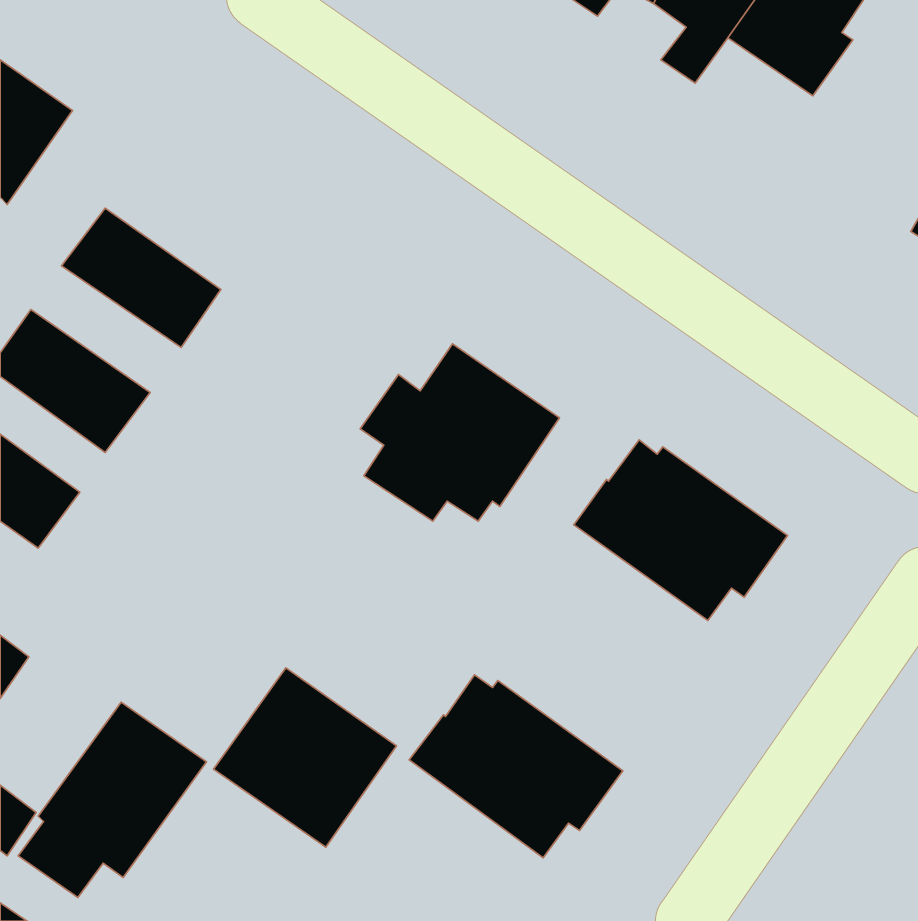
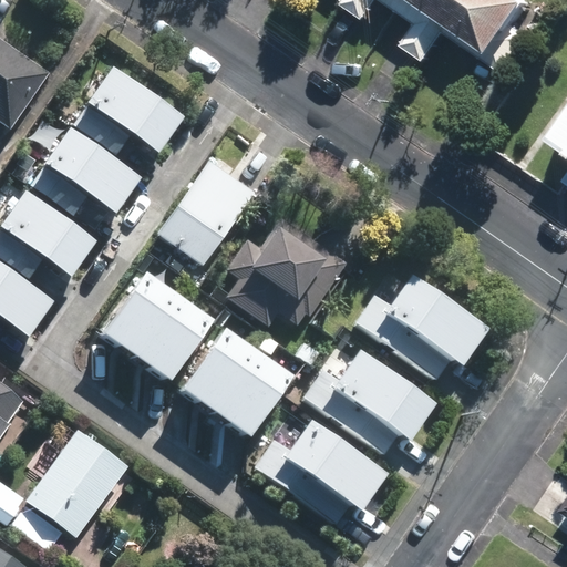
building: none -> [85,66,182,153]
building: none -> [158,159,256,265]
building: none -> [102,272,214,380]
building: none -> [303,344,434,455]
building: [214,668,396,847] -> [181,328,292,437]

